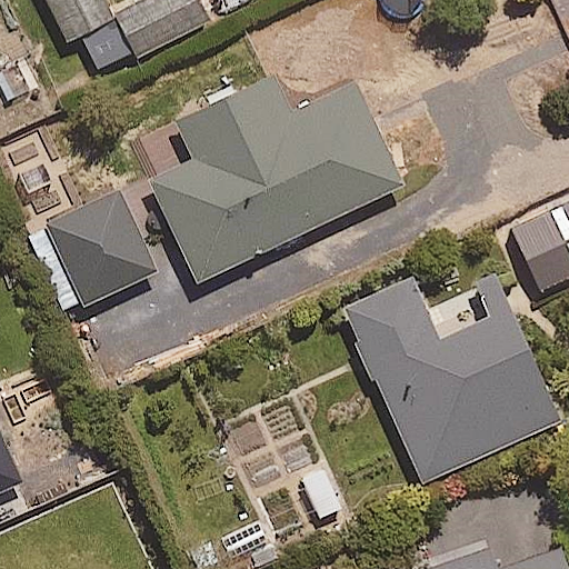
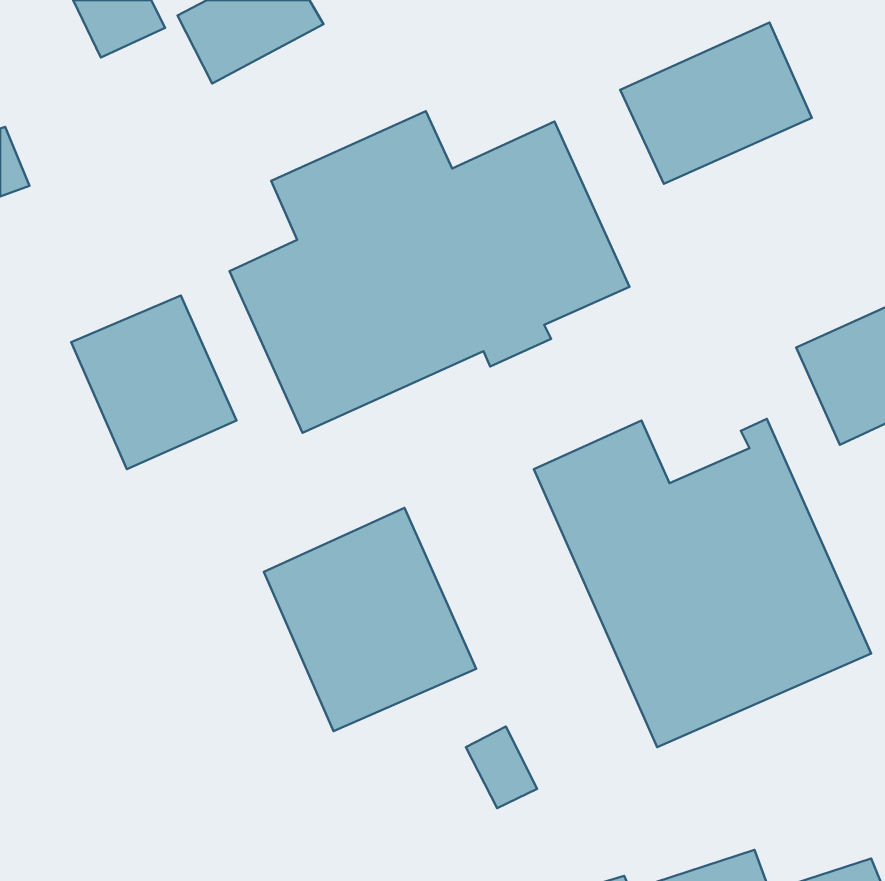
building: none -> [620,22,812,184]
building: none -> [264,508,476,731]

